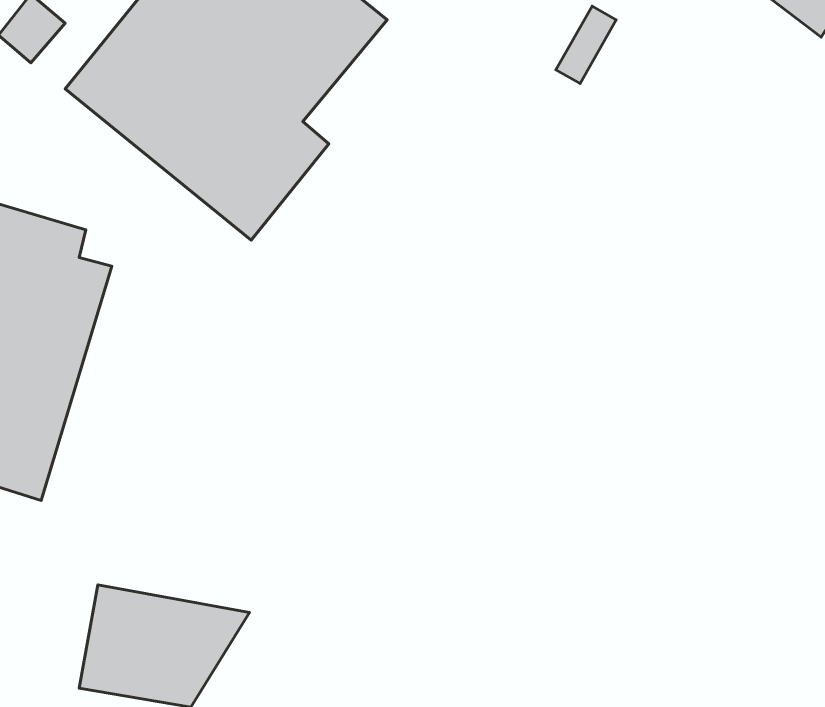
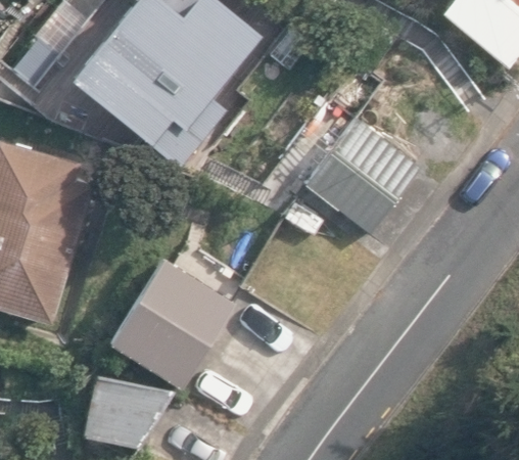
building: none -> [304,117,422,235]
building: none -> [107,260,233,390]

